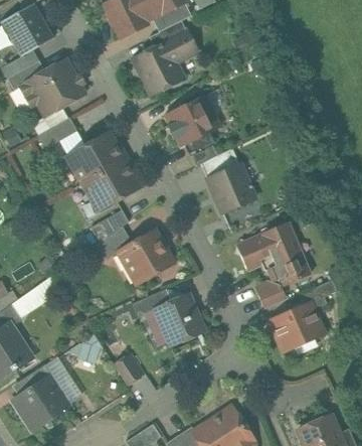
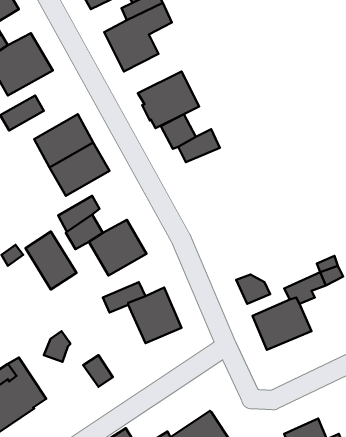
building: [208,165,253,212] -> none
building: [235,222,311,286] -> none
building: none -> [26,232,76,289]

